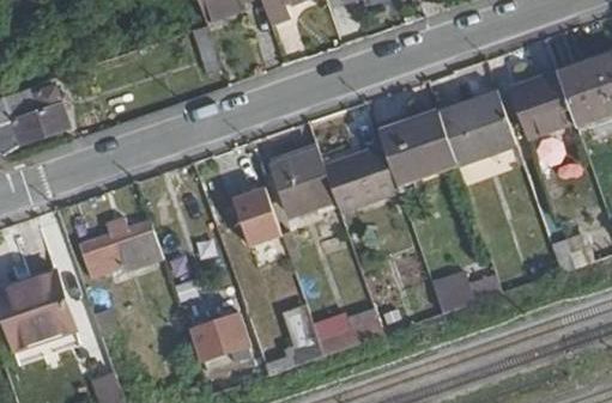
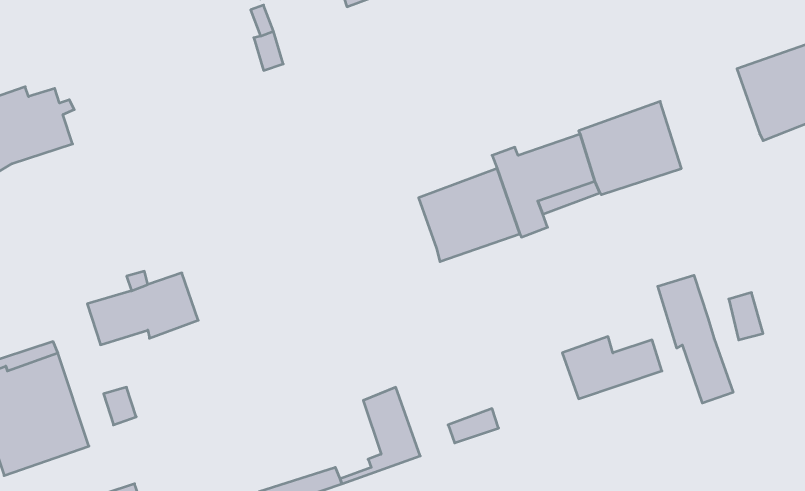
building: [511,71,572,134] -> none
building: [273,147,335,212] -> none
building: [232,185,281,246] -> none
building: none -> [658,275,733,403]
building: [189,311,248,367] -> none

